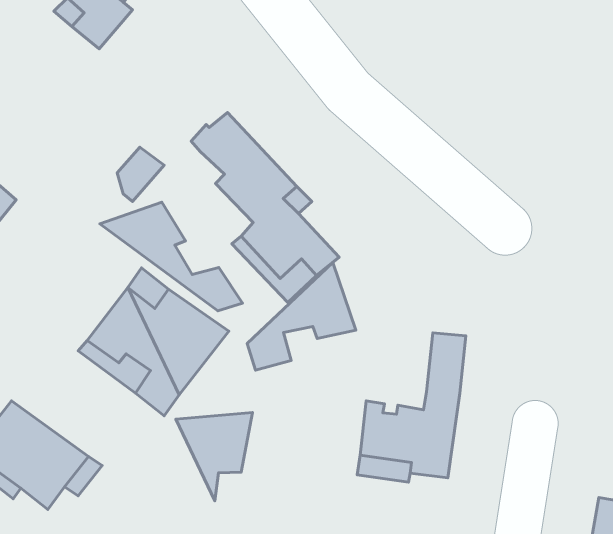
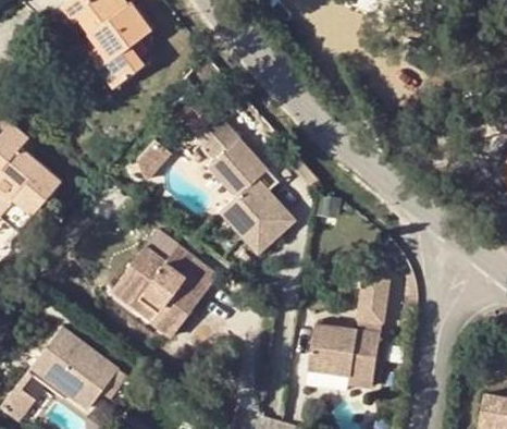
building: [100,202,243,311] -> none
building: [247,262,356,370] -> none
building: [176,413,253,501] -> none

